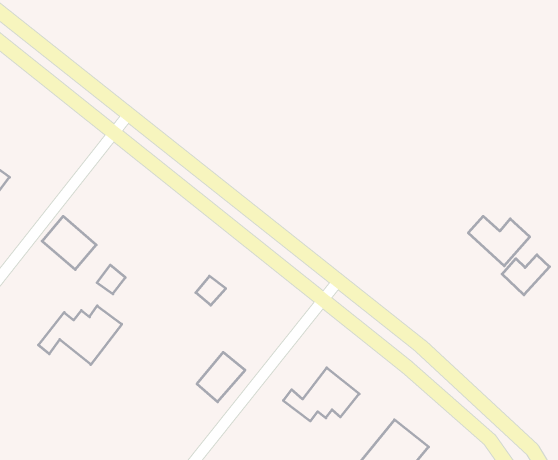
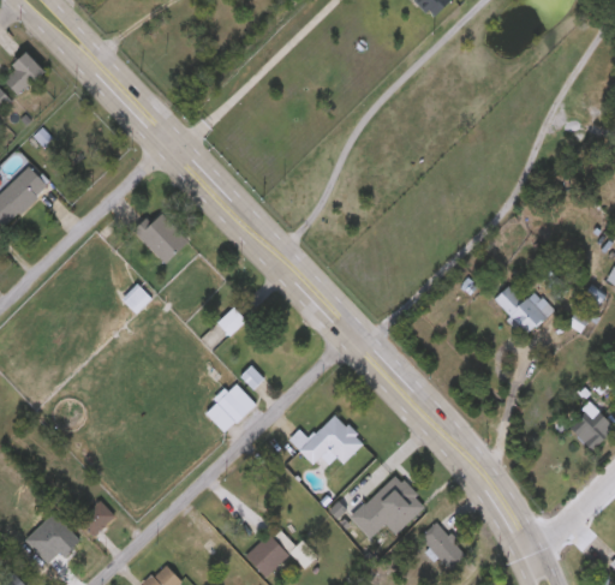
building: [42,216,96,270] -> [135,209,187,263]
building: [502,255,550,295] -> none
building: [38,306,122,365] -> none

